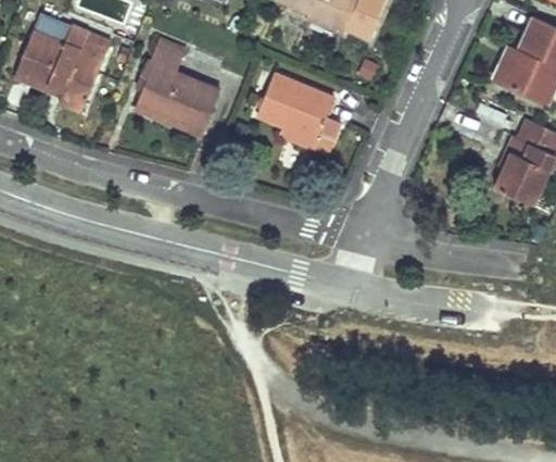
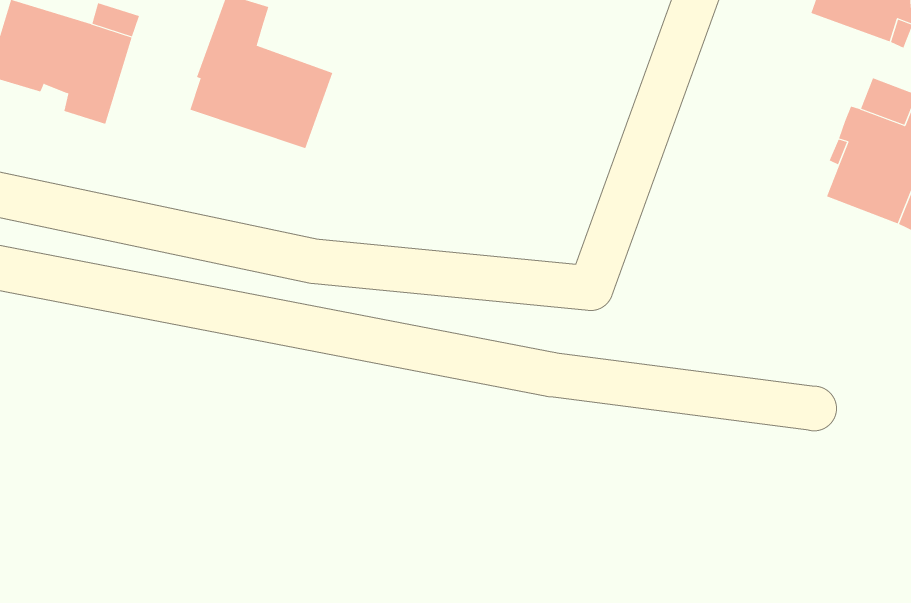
building: [258,73,339,153] -> none

